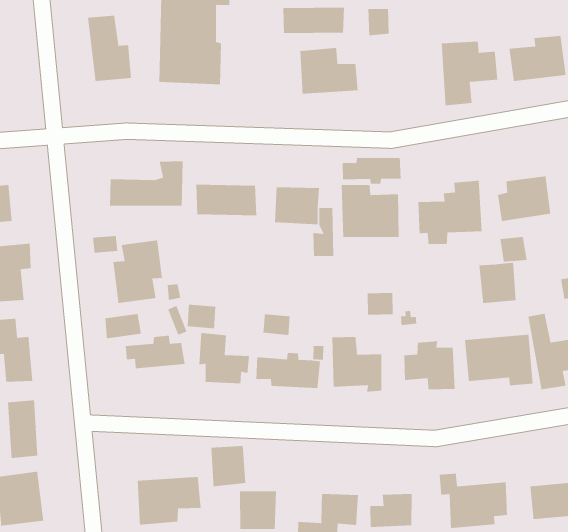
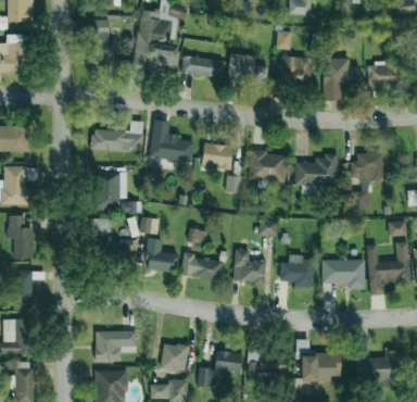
building: [283,7,345,34] -> [181,56,224,77]
building: none -> [279,56,312,86]
building: [342,157,402,185] -> none
building: [478,262,516,304] -> none
building: [210,445,246,487] -> none

